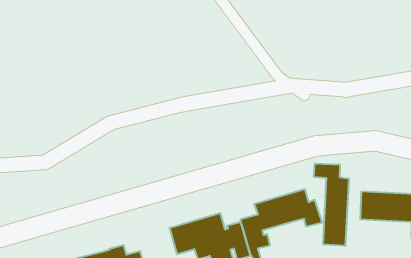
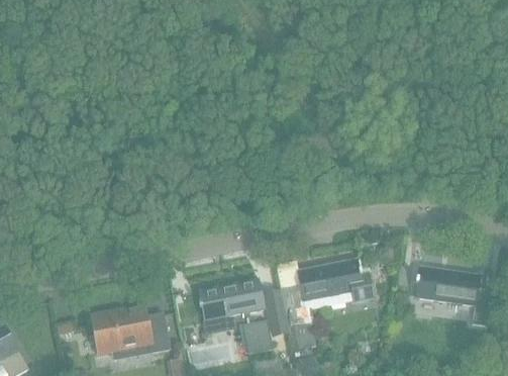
building: [314,163,349,246] -> none

